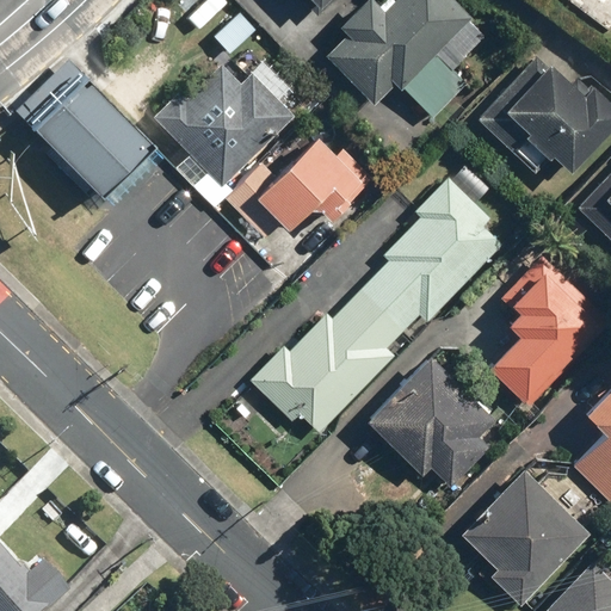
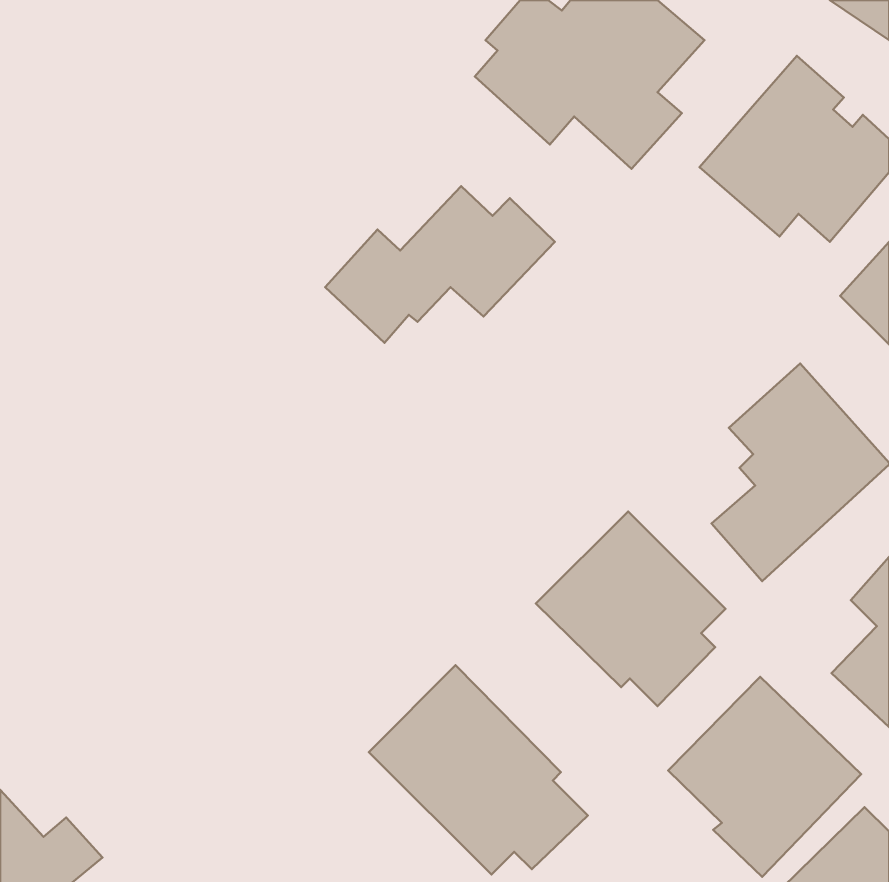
building: [154,58,294,205] -> none
building: [24,72,152,198] -> none
building: [249,167,499,434] -> none
building: none -> [369,665,588,875]

